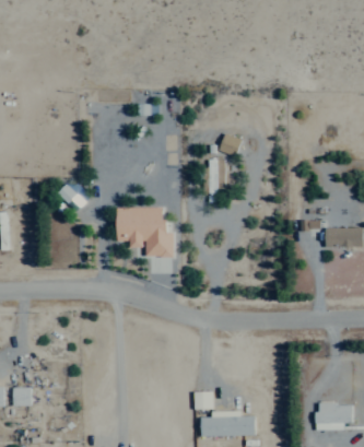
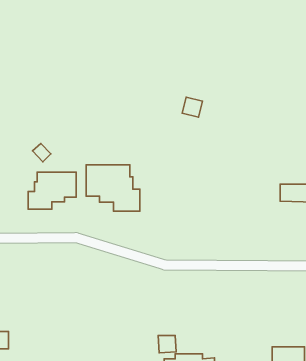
building: [209,158,226,202] -> none
building: none -> [28,172,76,209]

